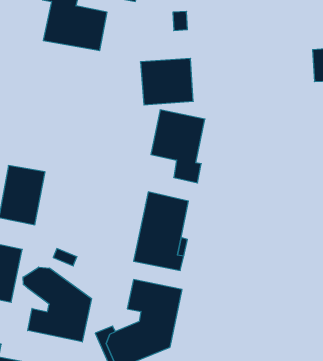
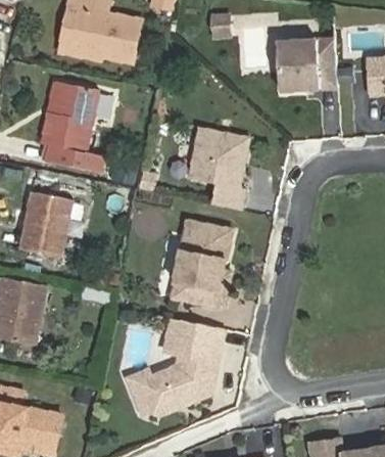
building: [140,58,193,105] -> [278,41,337,93]
building: none -> [40,81,102,172]
building: [23,267,91,342] -> none

